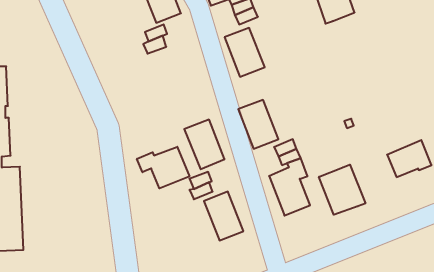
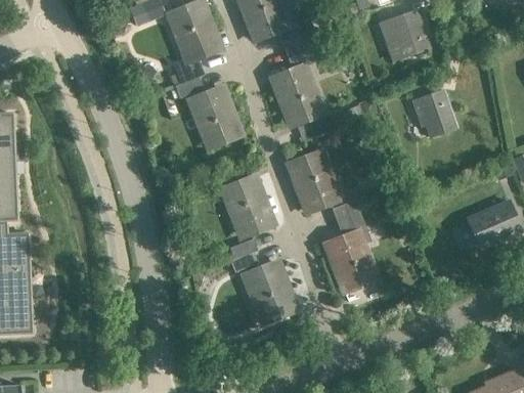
building: none -> [191,88,239,147]
building: none -> [410,91,455,137]
building: [137,147,189,188] -> none
building: [319,165,365,215] -> none

